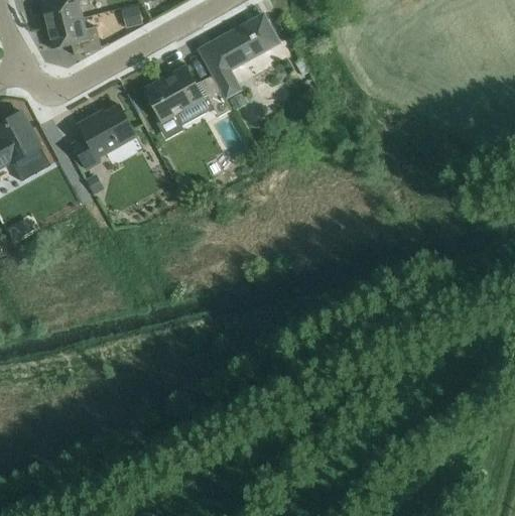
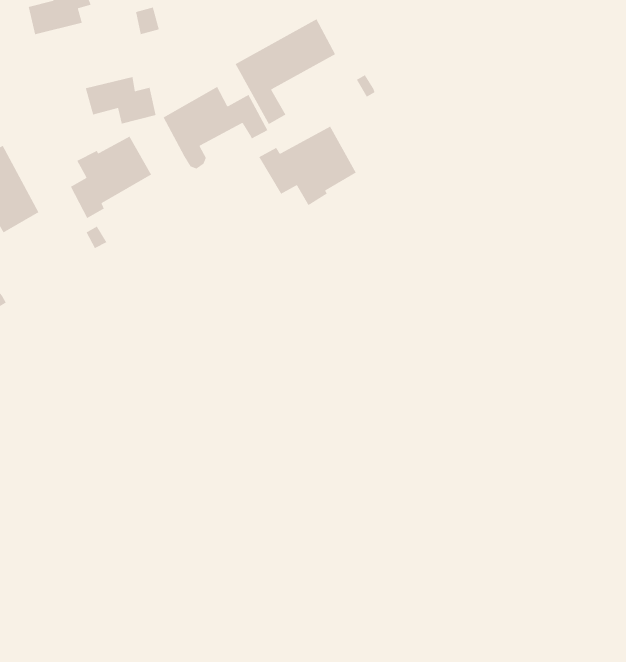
building: [45,18,101,55] -> [85,76,157,125]
building: none -> [258,125,357,206]

